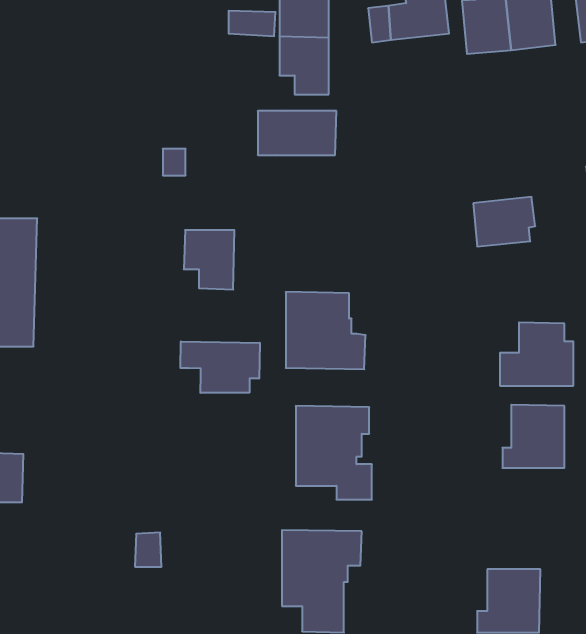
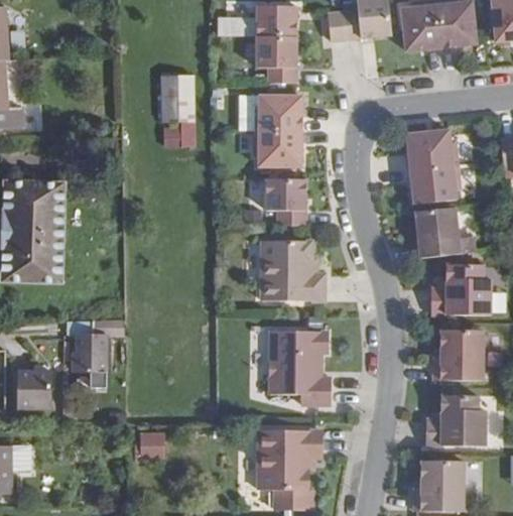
building: none -> [160,76,194,122]
building: none -> [406,130,457,169]
building: none -> [253,131,300,166]
building: [184,230,234,290] -> [265,178,305,226]
building: none -> [415,207,474,258]
building: [180,341,260,393] -> none
building: none -> [76,319,123,373]
building: none -> [426,395,485,445]

